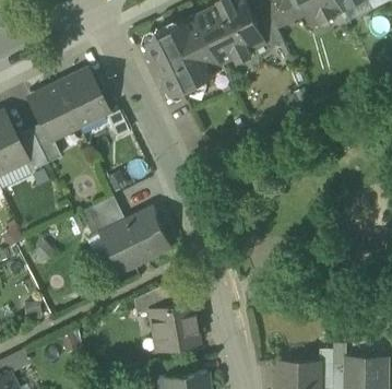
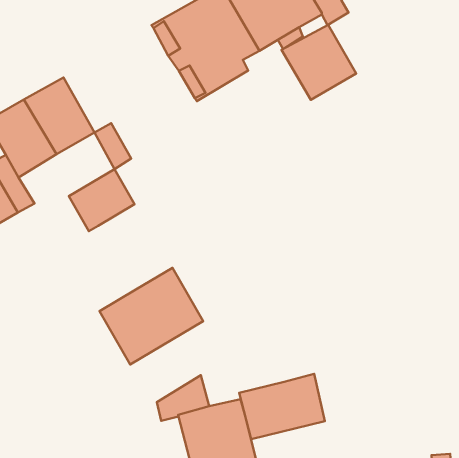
building: none -> [281,25,356,100]
building: [80,197,124,238] -> [69,169,134,231]
building: none -> [239,374,325,439]

